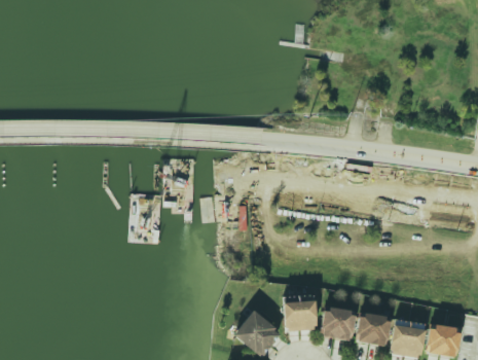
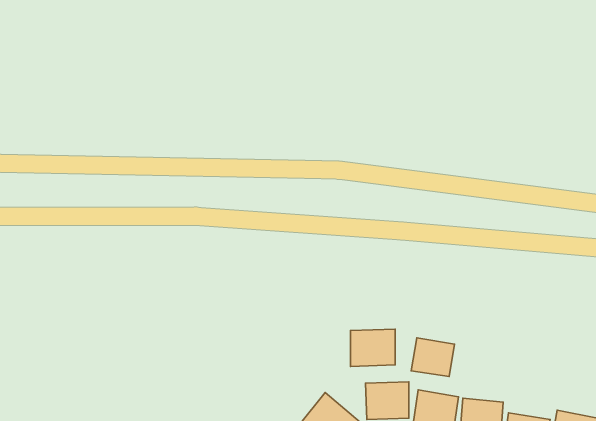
building: none -> [350,329,395,366]
building: none -> [411,338,454,376]

